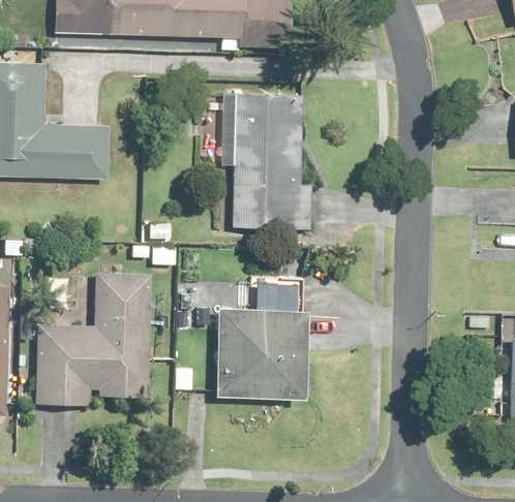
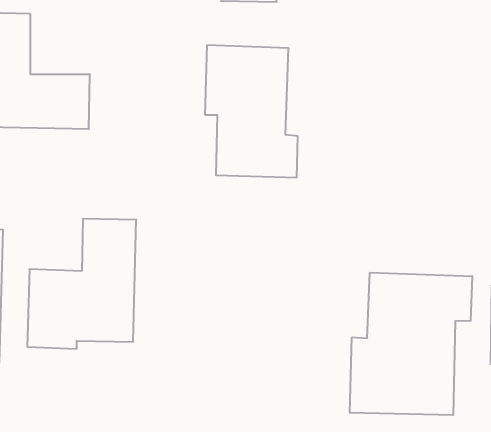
building: [215,303,311,398] -> none
building: none -> [350,273,472,415]

